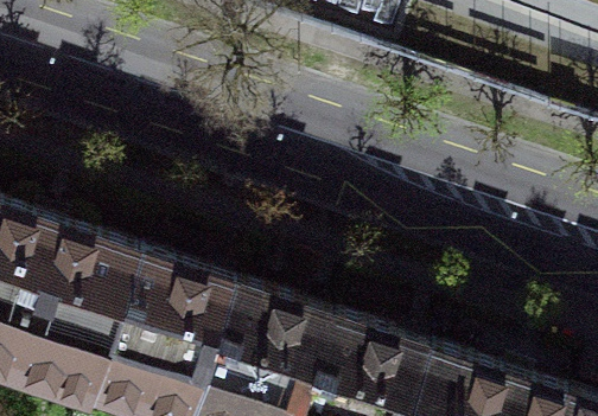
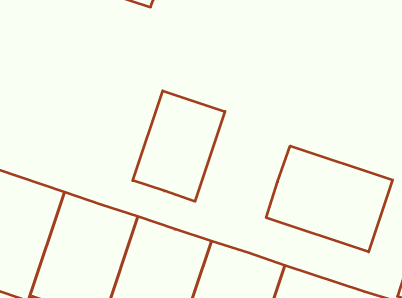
building: none -> [133,91,225,201]
building: none -> [266,146,393,252]

